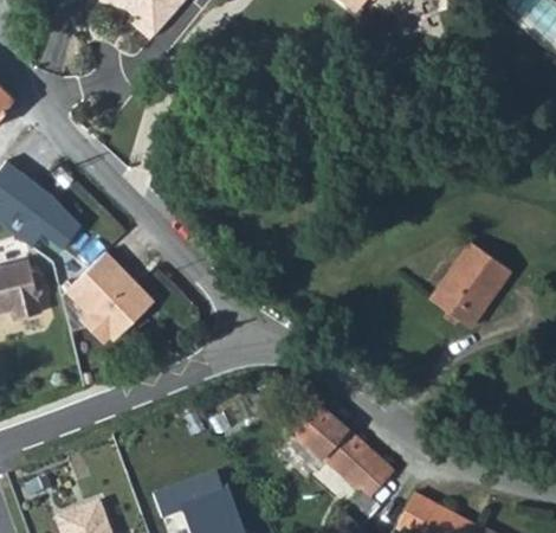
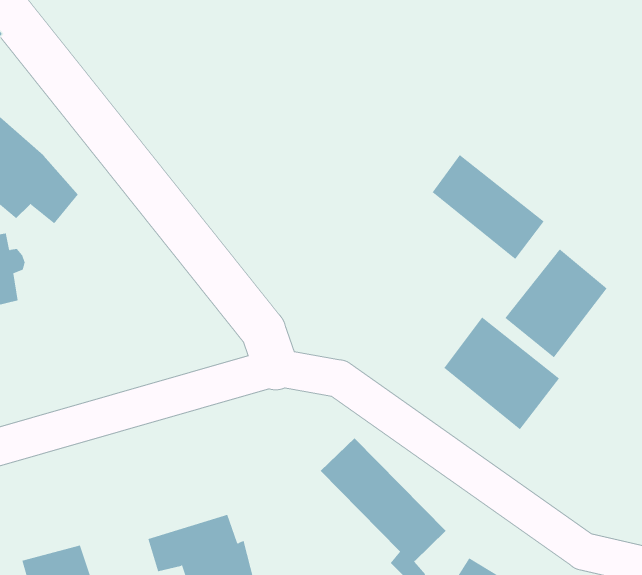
building: none -> [432,154,544,260]
building: [66,250,157,347] -> none
building: none -> [444,317,560,430]

